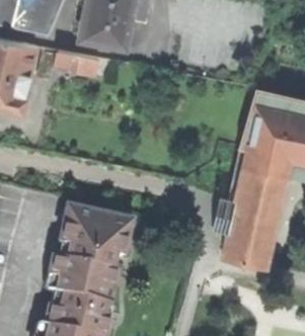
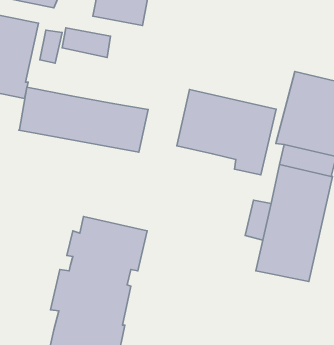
building: none -> [19,87,148,152]
building: none -> [177,90,276,175]

